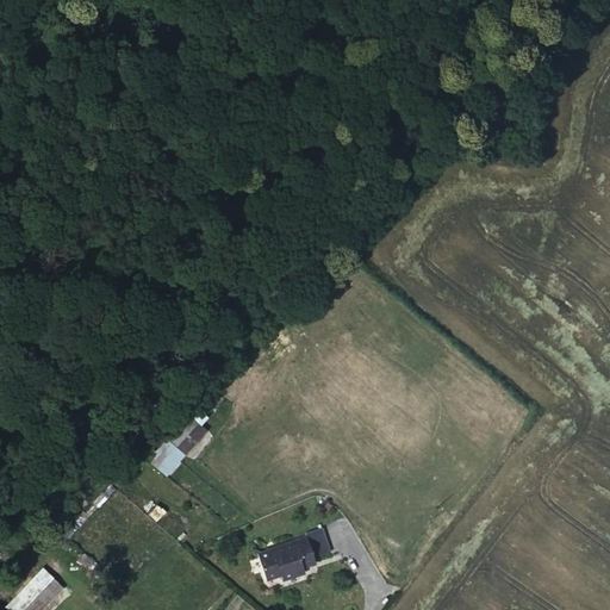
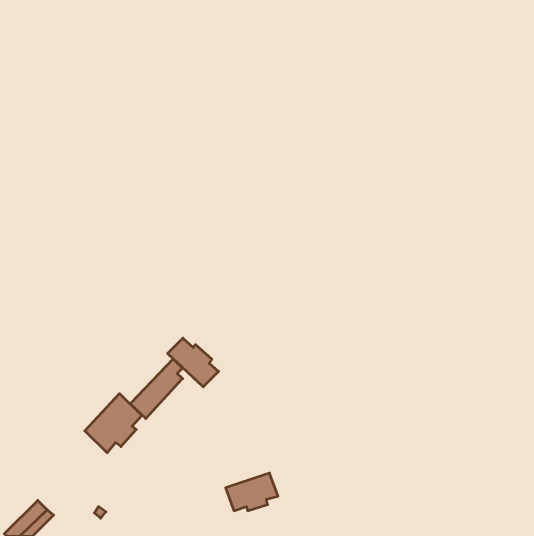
building: none -> [168,338,219,387]
building: none -> [85,394,142,453]

